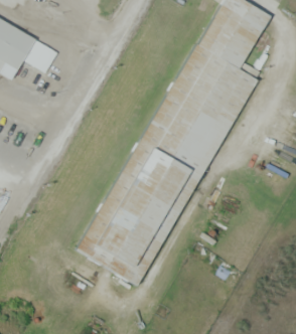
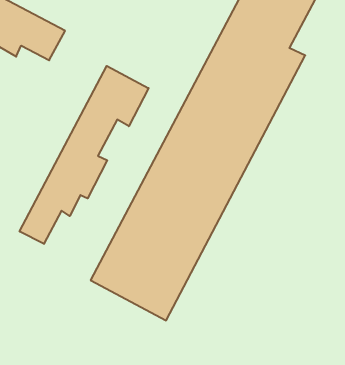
building: none -> [20,66,149,244]

